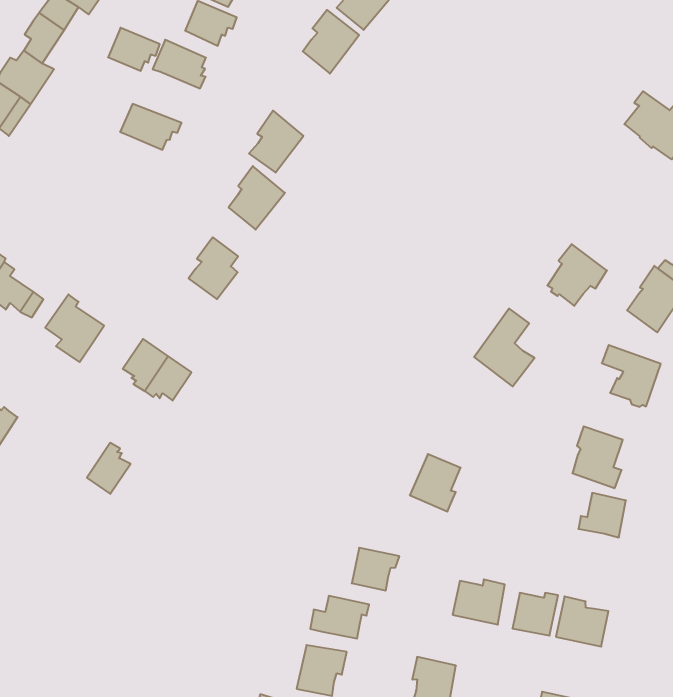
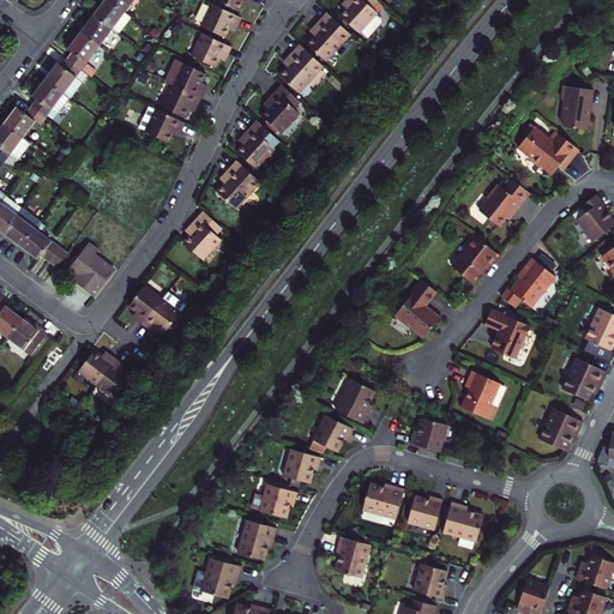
building: [108,28,160,71] -> [158,84,198,118]
building: none -> [257,84,296,131]
building: none -> [474,177,526,224]
building: none -> [76,351,113,386]
building: [578,493,626,537] -> [402,419,439,453]
building: none -> [312,419,356,457]

